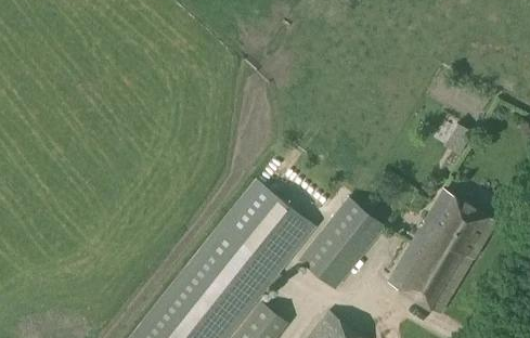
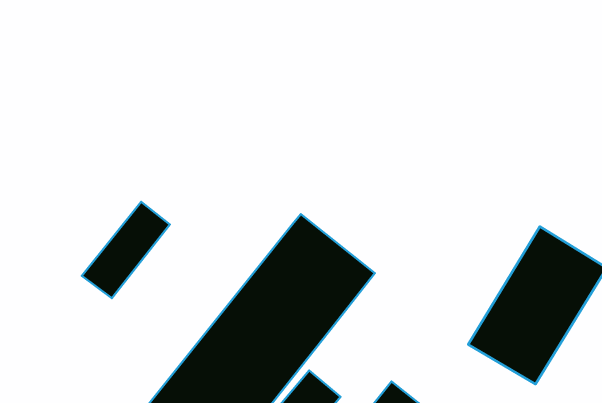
building: none -> [82,202,170,298]
building: [300,198,384,287] -> none

